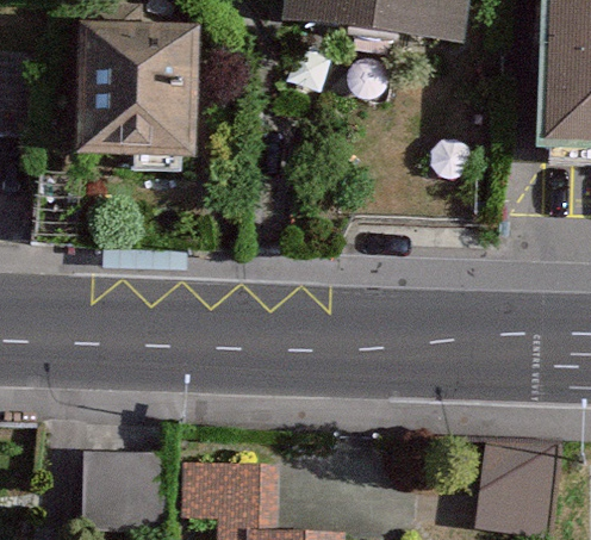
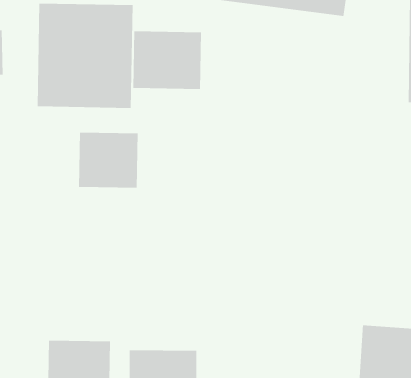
building: none -> [133,31,202,90]
building: none -> [78,132,138,189]

